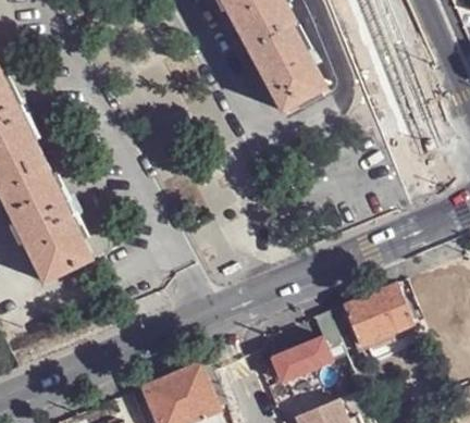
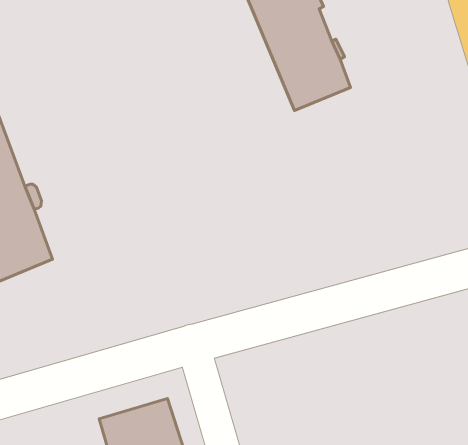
building: [344,283,413,345] -> none
building: [265,310,342,382] -> none

